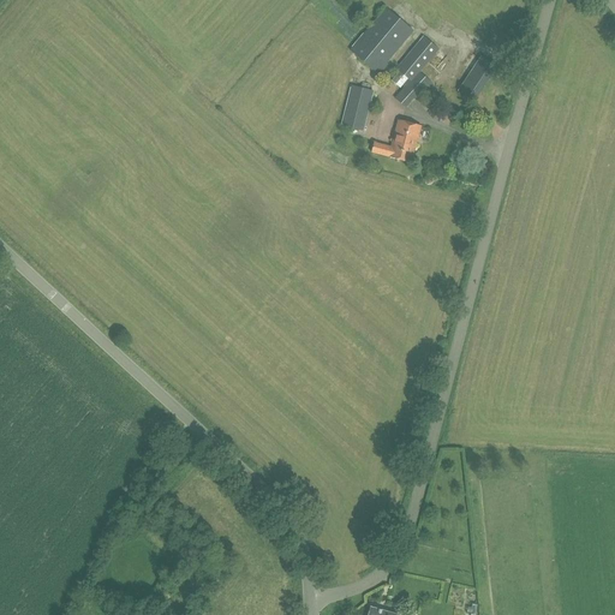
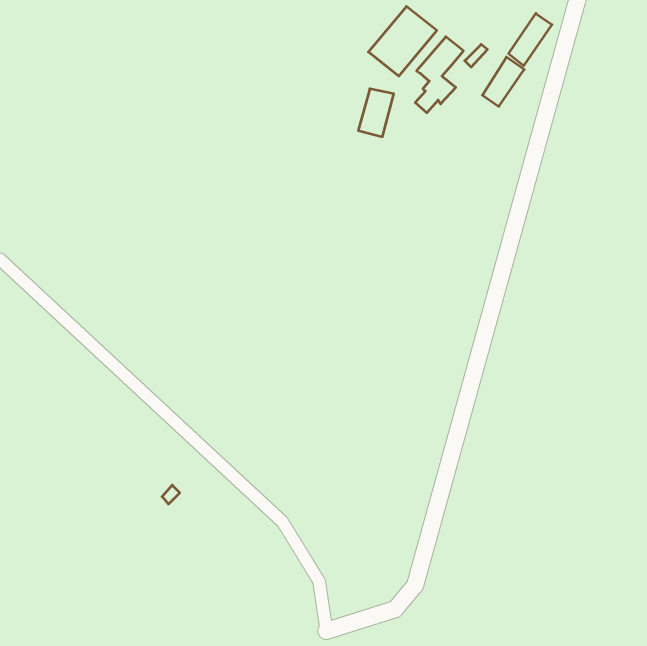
building: none -> [509,13,552,66]
building: [371,118,422,161] -> none

